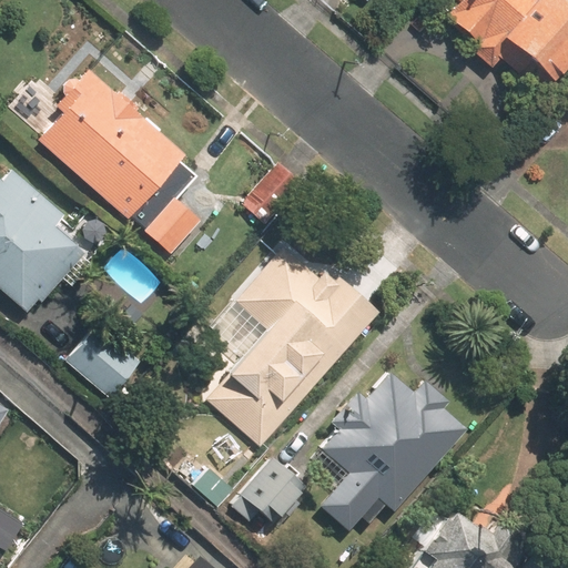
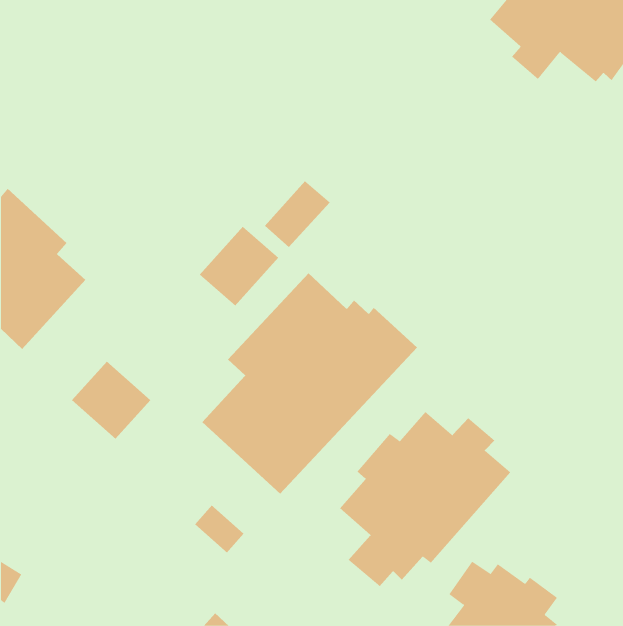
building: [32,68,190,243] -> none
building: none -> [199,226,279,306]
building: [242,456,308,523] -> none

